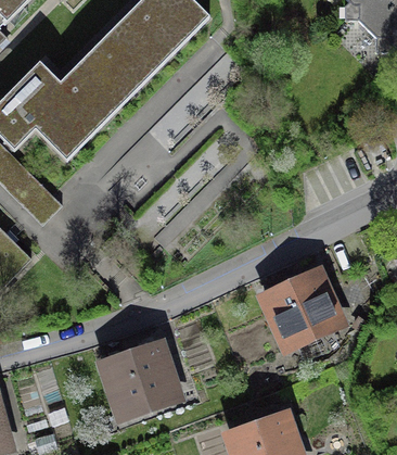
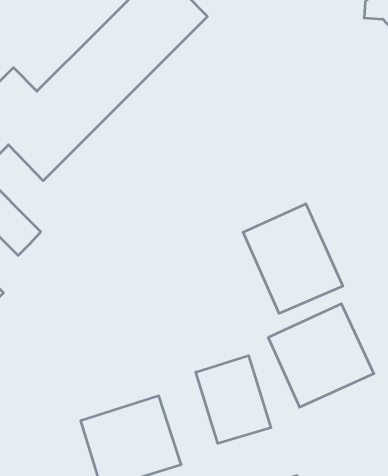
building: none -> [243,204,343,313]
building: none -> [196,356,271,443]

